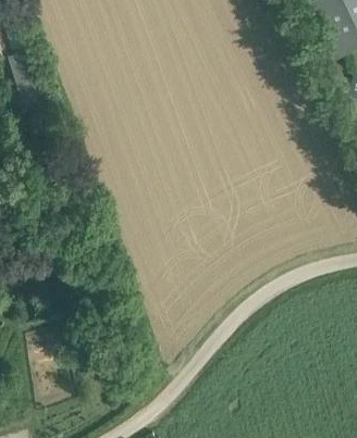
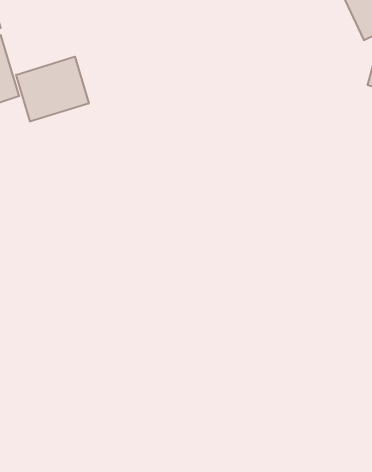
building: none -> [16,57,89,122]

